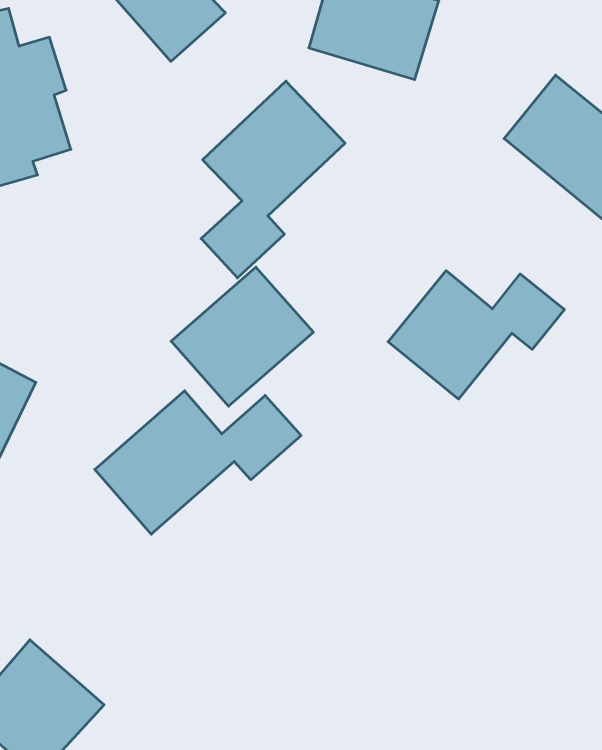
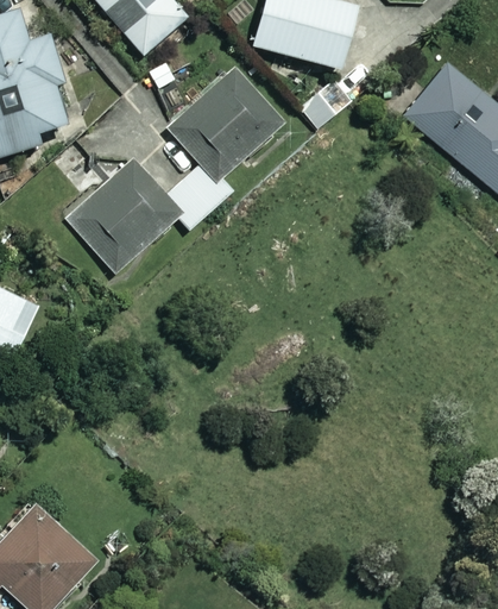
building: [171,267,313,406] -> [68,161,179,270]
building: [388,271,564,399] -> none
building: [95,391,301,534] -> none

